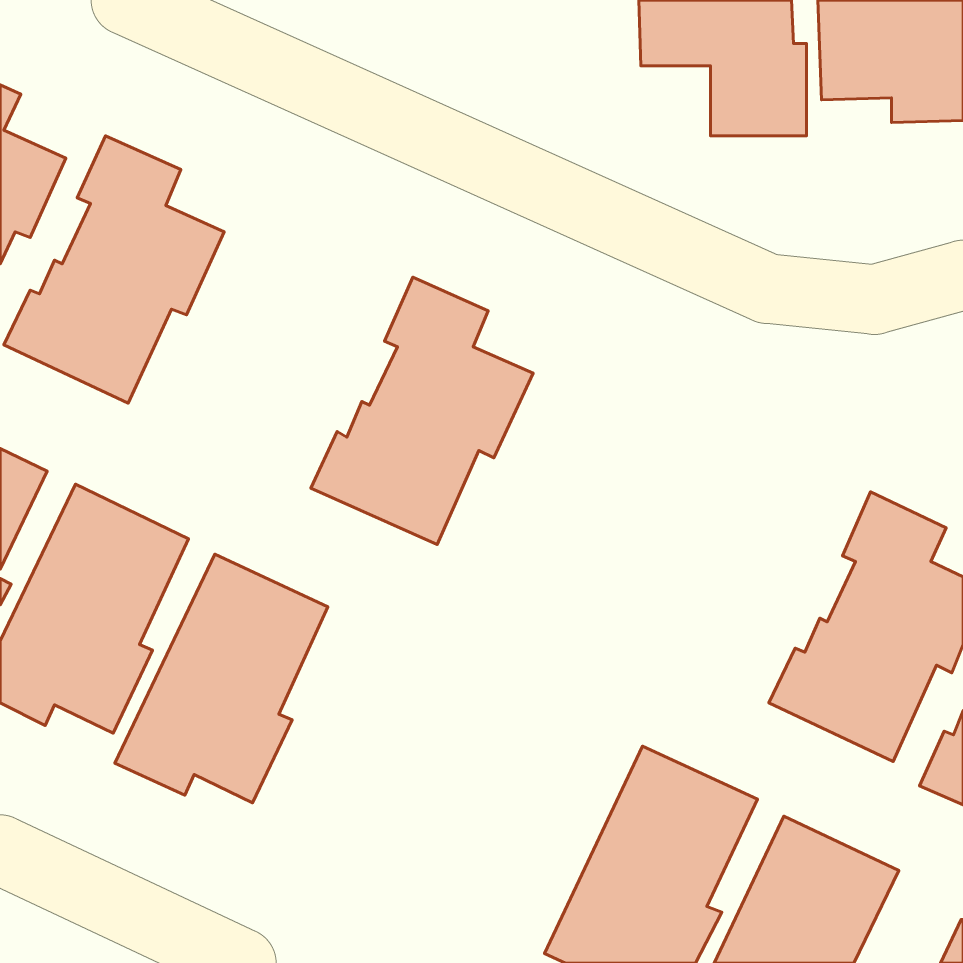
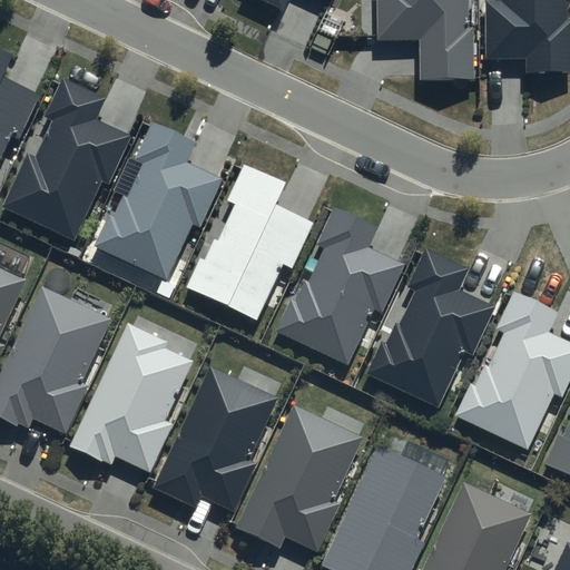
building: none -> [91,121,223,279]
building: none -> [273,207,404,365]
building: none -> [364,248,495,406]
building: none -> [153,366,278,513]
building: none -> [238,405,365,553]

